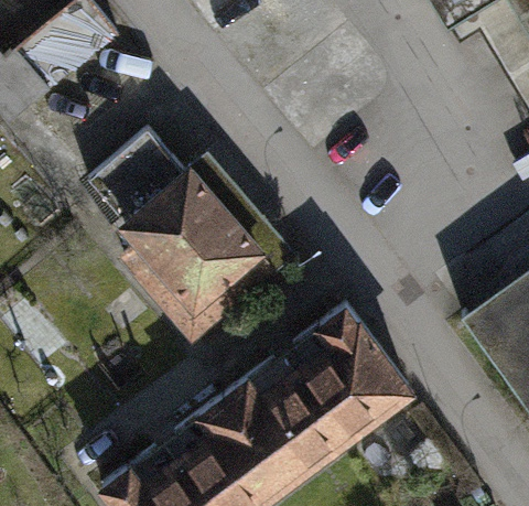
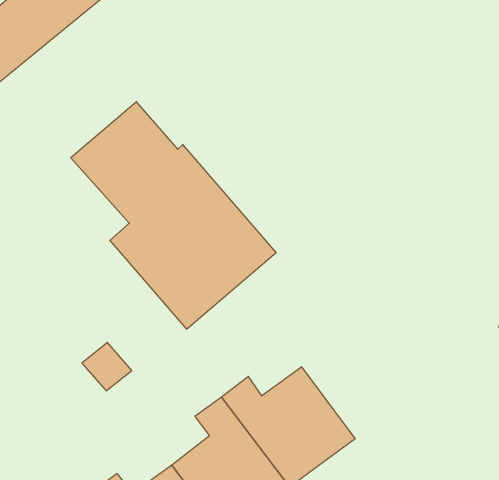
building: [296,304,408,432] -> none

